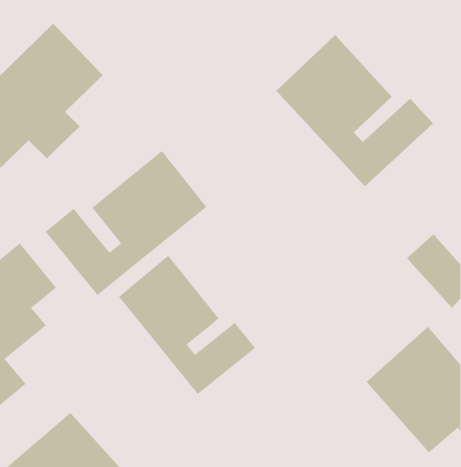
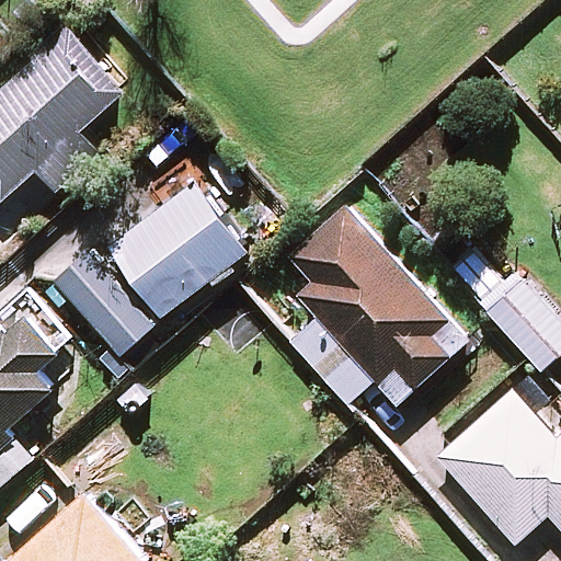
building: [275,34,434,187] -> none
building: none -> [286,207,467,404]
building: [118,255,256,395] -> none

